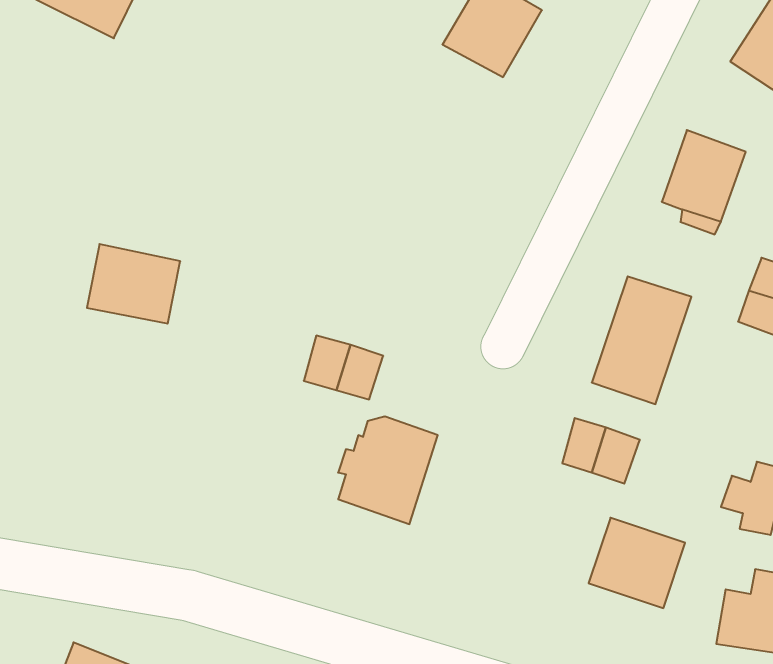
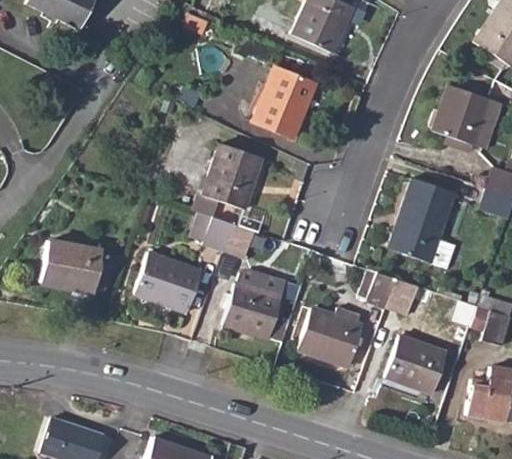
building: none -> [256,68,318,140]
building: none -> [207,143,262,206]
building: [87,244,180,324] -> [41,238,101,289]
building: none -> [135,252,203,311]
building: none -> [301,308,367,366]

